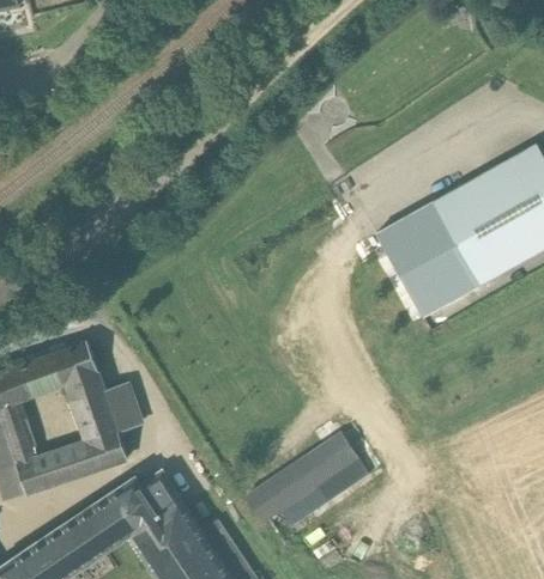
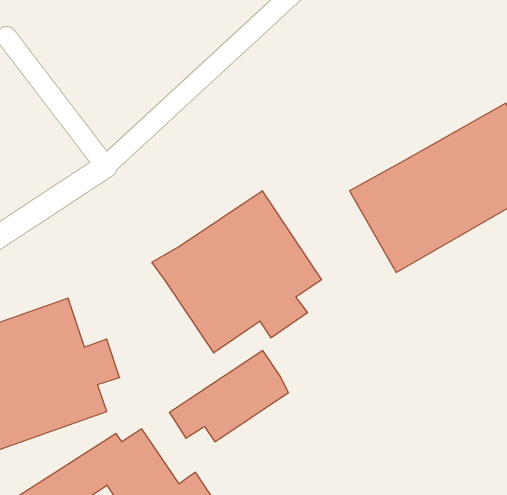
building: none -> [152,191,322,353]
building: [244,432,367,525] -> [169,351,288,442]

